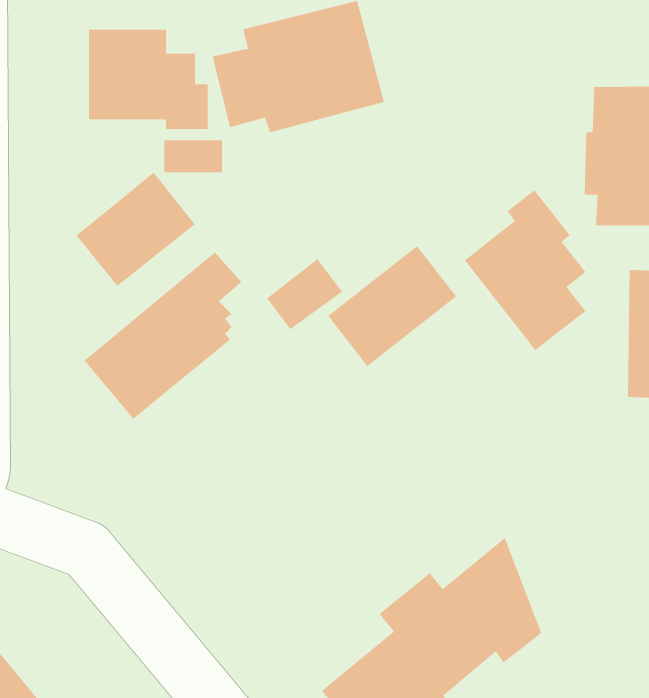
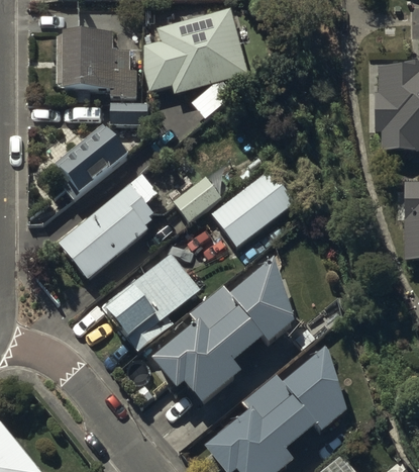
building: [464,189,586,351] -> none
building: none -> [103,249,200,347]
building: none -> [154,260,295,402]

